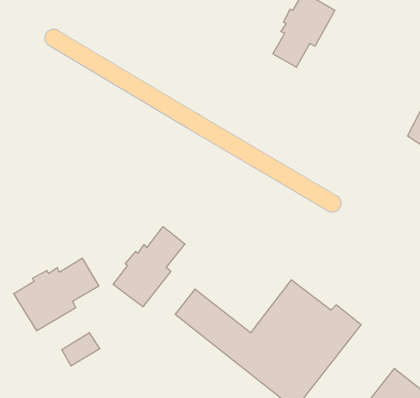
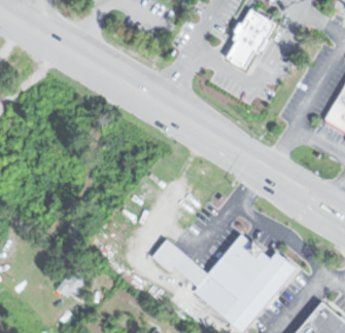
building: [113,227,185,307] -> none
building: [14,258,99,331] -> none

